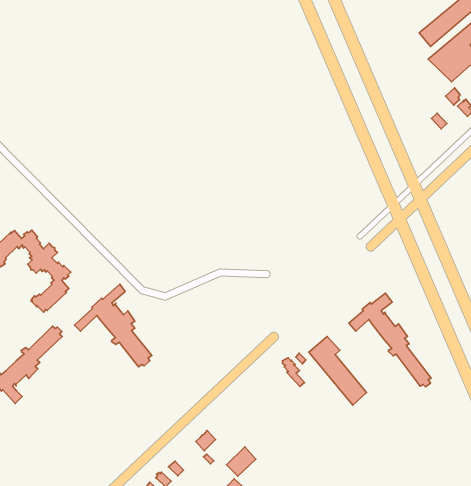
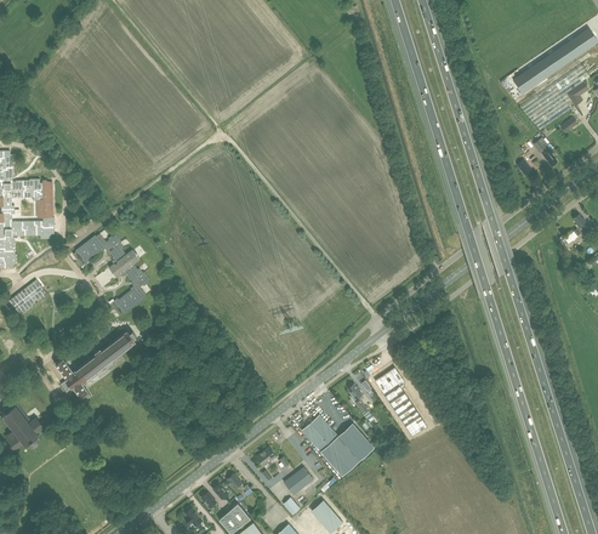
building: [75,284,152,367] -> none
building: [349,293,431,387] -> none
building: none -> [303,415,374,476]

